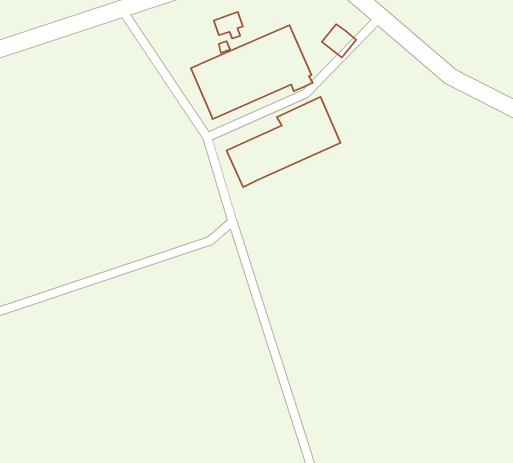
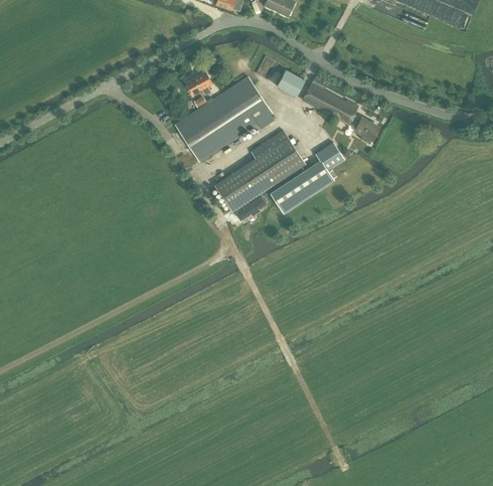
building: none -> [303,76,378,143]
building: none -> [271,150,344,213]

